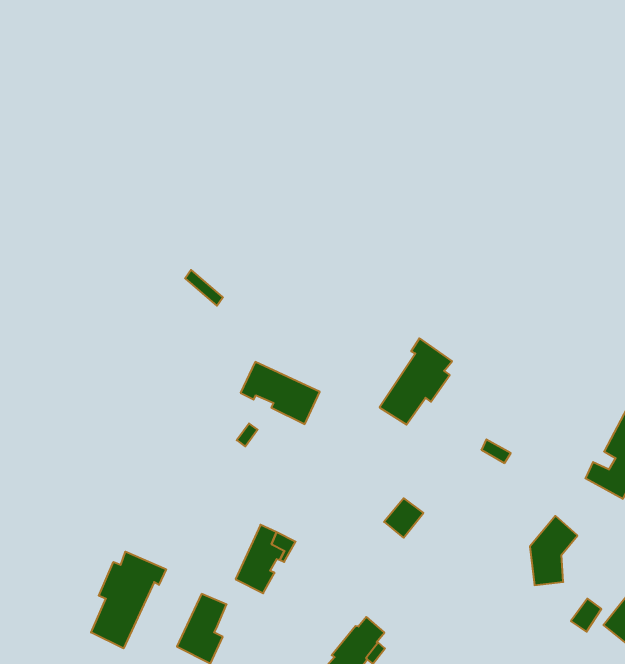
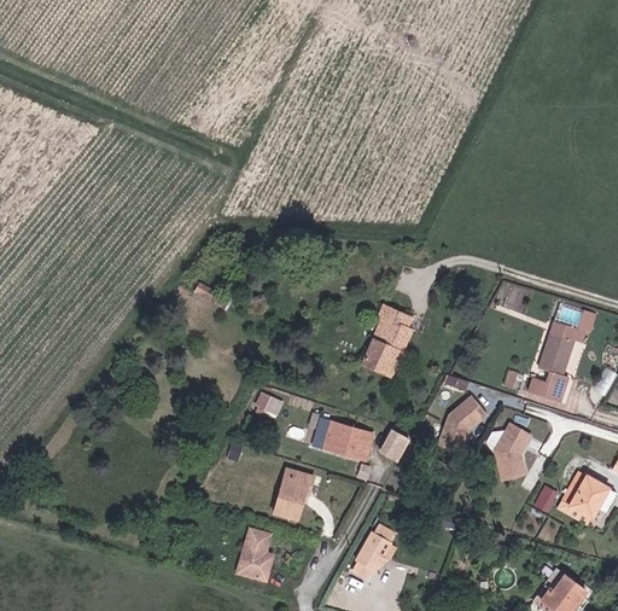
building: [241,362,320,424] -> [313,419,373,460]
building: none -> [438,395,486,453]
building: [91,552,166,648] -> none

